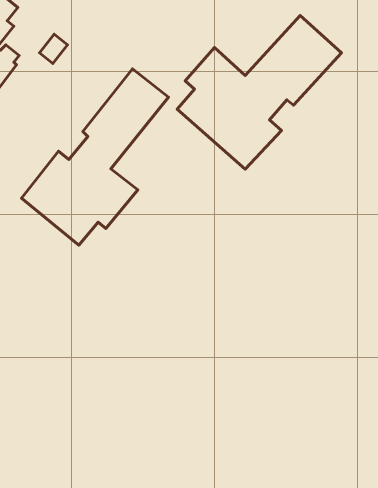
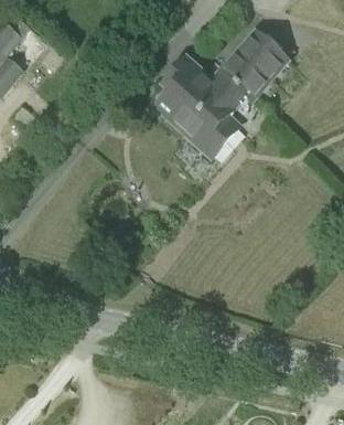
building: [22,69,168,245] -> none

